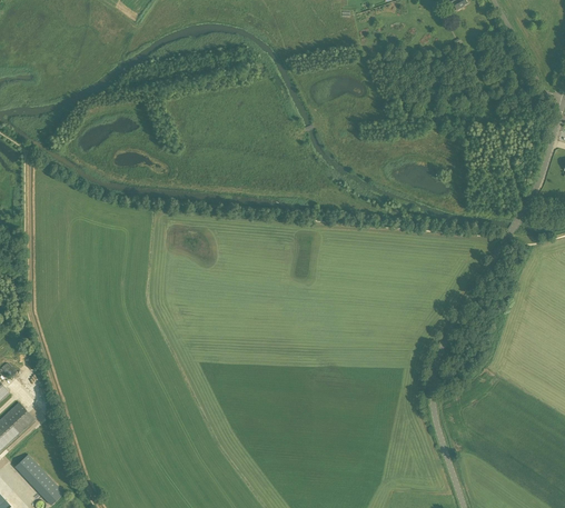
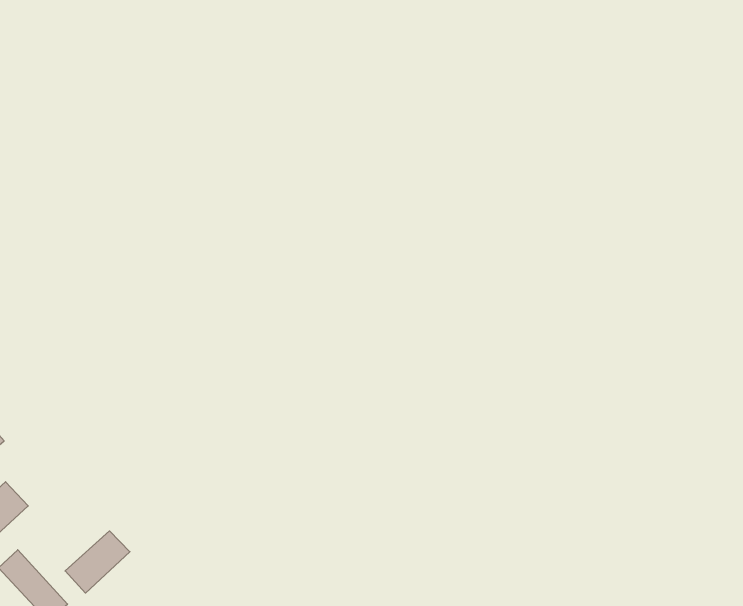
building: none -> [65,531,130,593]

